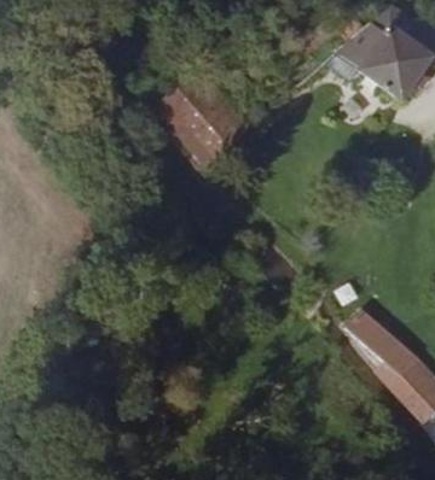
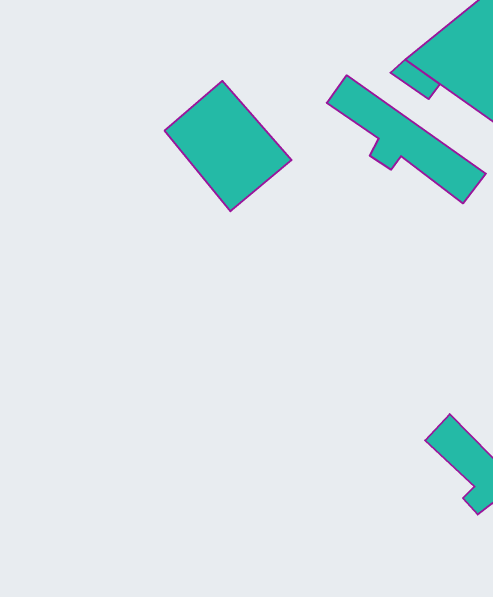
building: none -> [327,75,486,203]

